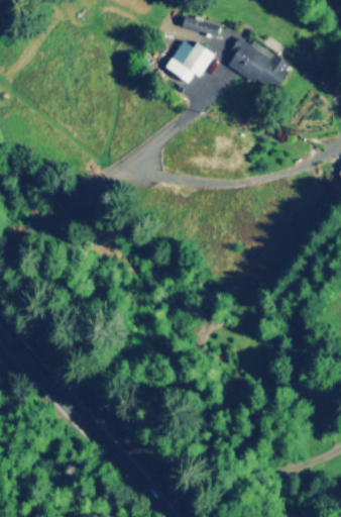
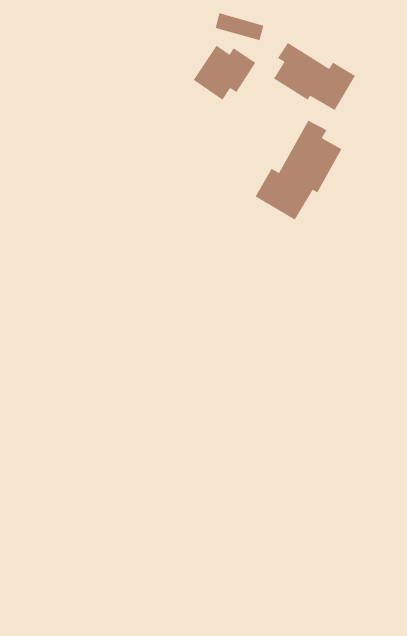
building: none -> [255,120,342,220]

